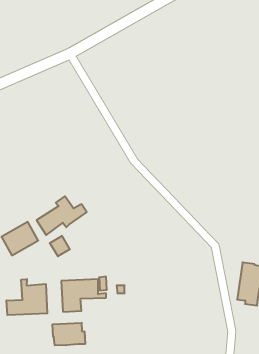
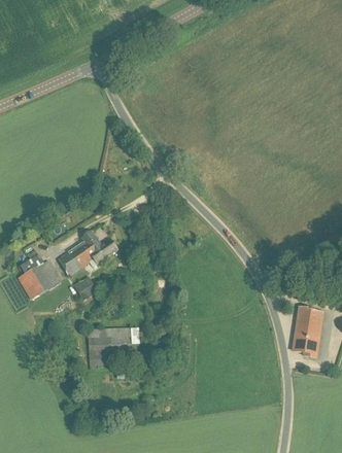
building: [7,279,47,315] -> none
building: [53,323,85,345] -> none

